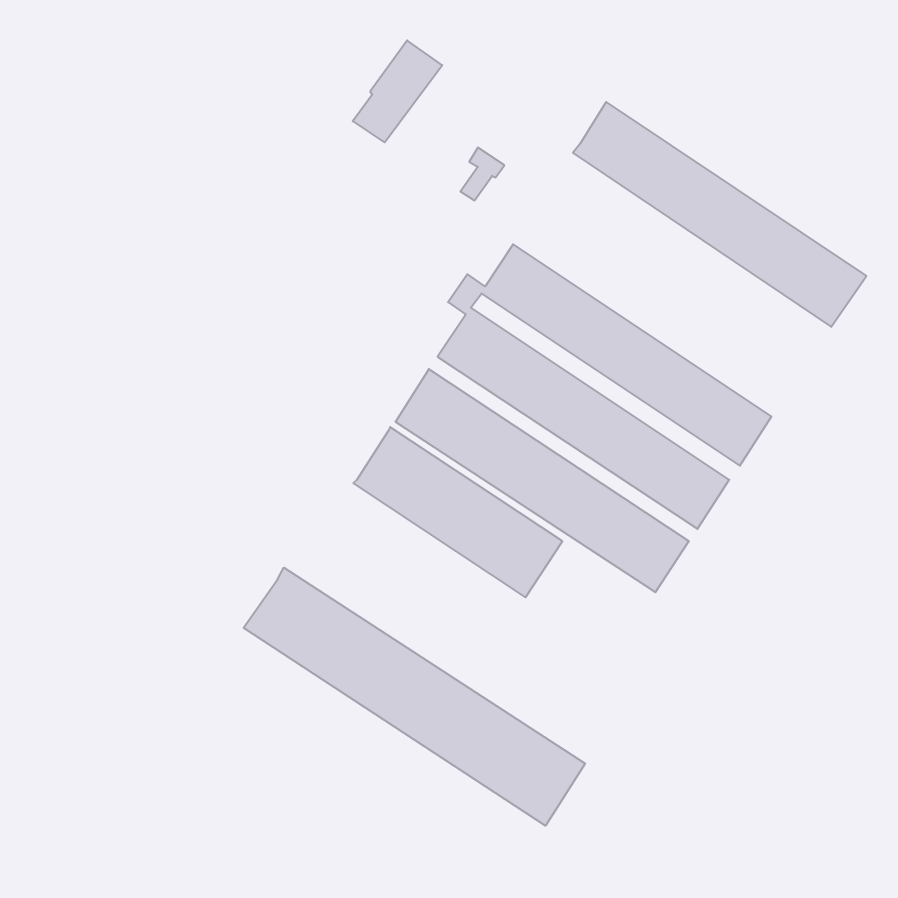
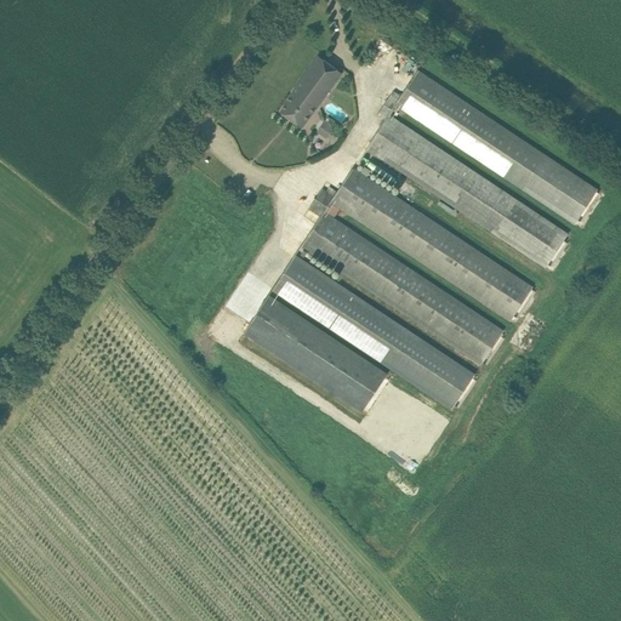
building: [353,40,442,142] -> [280,57,342,127]
building: none -> [368,95,568,268]
building: [244,568,585,826] -> none

